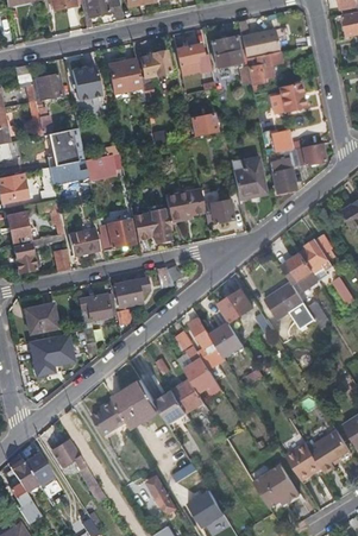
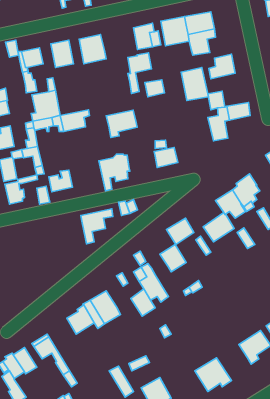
building: [139,51,169,102] -> [128,53,151,93]
building: [231,157,265,198] -> [181,68,208,101]
building: [164,189,203,223] -> [106,110,137,138]
building: [95,210,134,250] -> none
building: [77,292,115,343] -> none
building: [24,303,57,334] -> none
building: [188,316,220,360] -> none
building: [31,343,63,372] -> none
building: [155,390,187,423] -> none
building: [285,442,320,480] -> none

